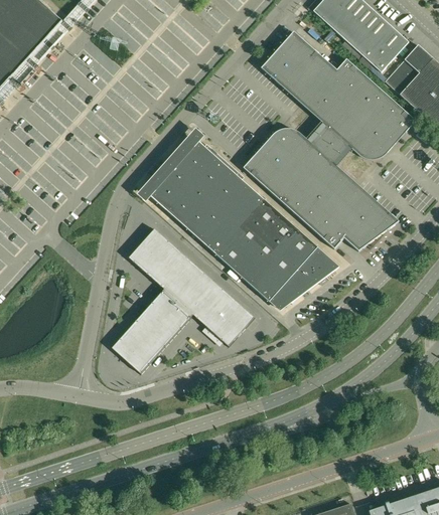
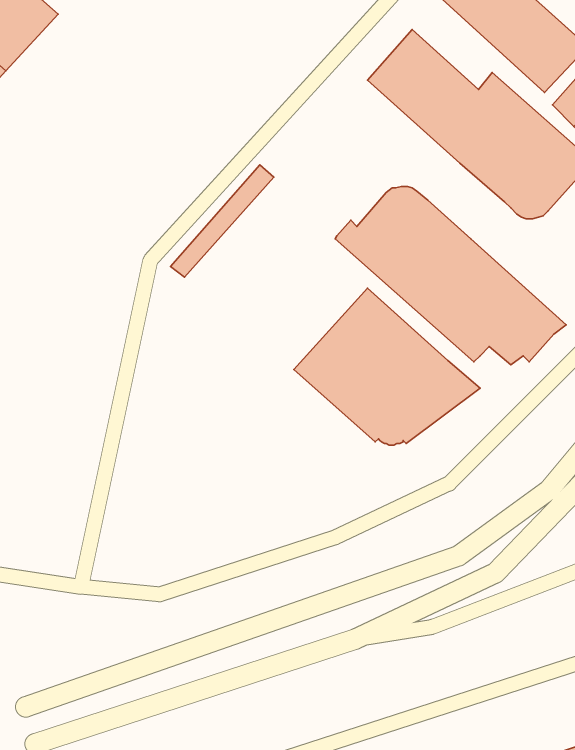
building: [304,119,354,168] -> none
building: [150,141,265,253] -> none
building: [112,229,253,373] -> none

